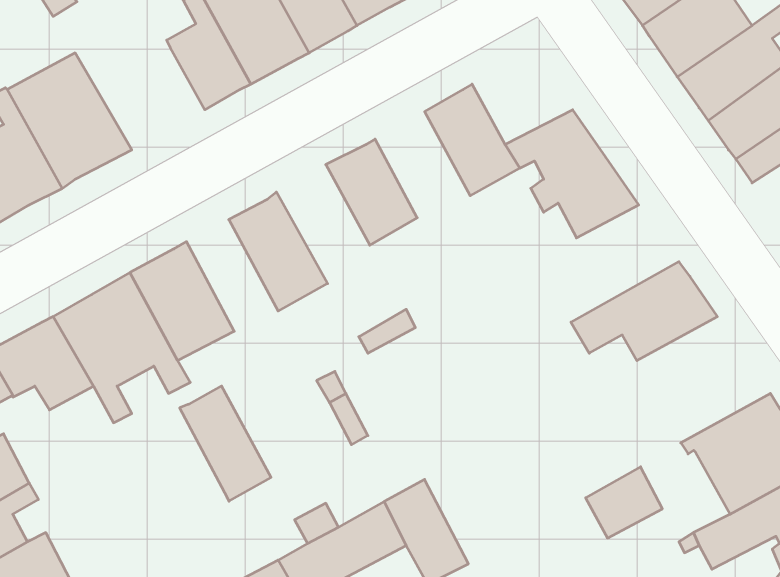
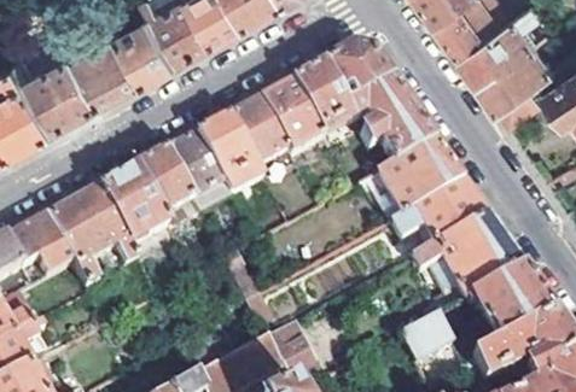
building: none -> [69,40,142,107]
building: none -> [319,49,385,104]
building: none -> [255,82,318,156]
building: none -> [190,117,256,195]
building: none -> [373,144,455,215]
building: none -> [406,217,516,300]
building: [180,386,271,501] -> [130,153,191,229]

